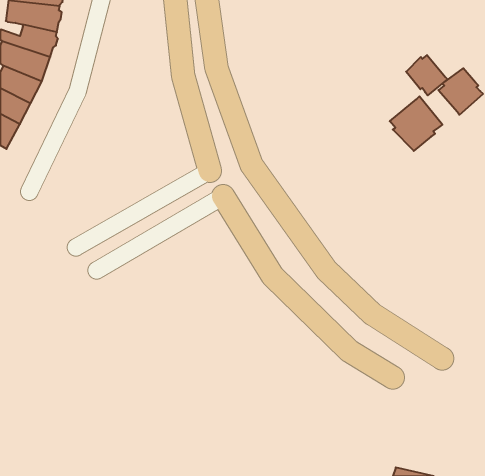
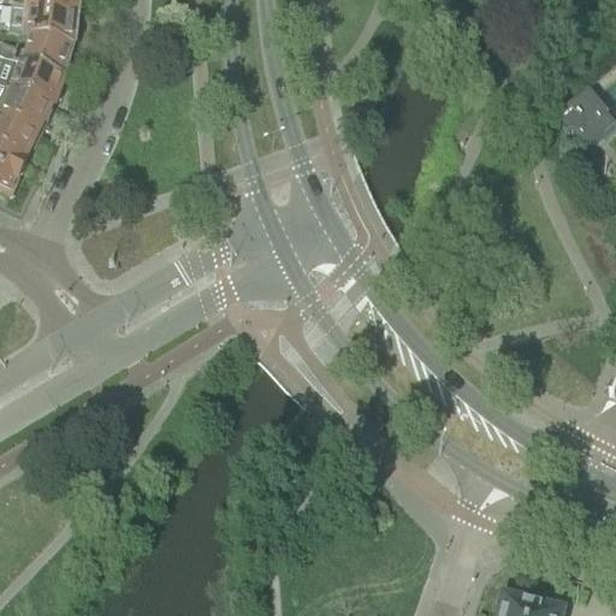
building: [406,55,448,95] -> none
building: [390,96,442,151] -> none

